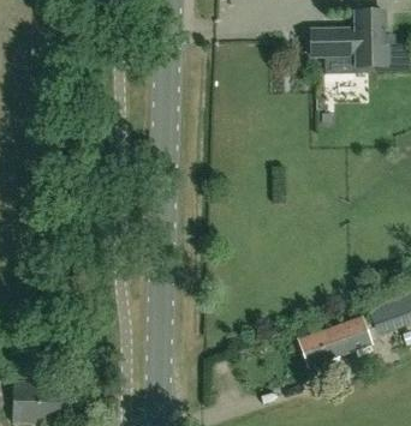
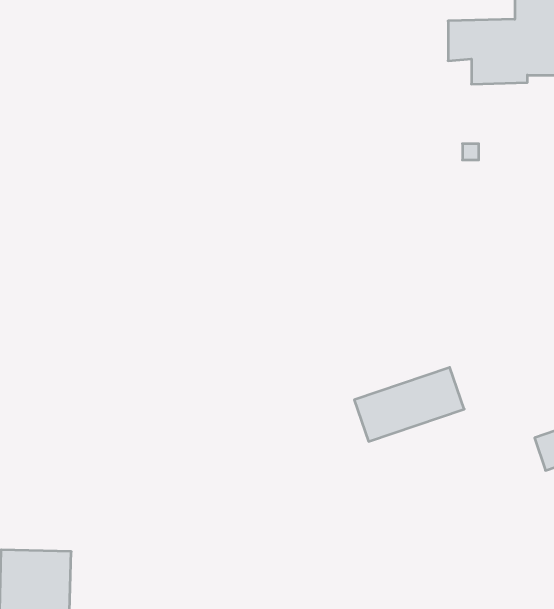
building: [299,316,373,365] -> [354,367,464,441]

